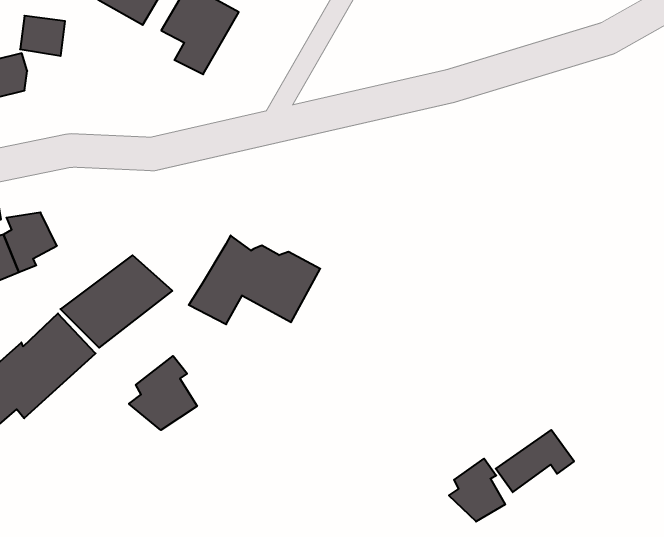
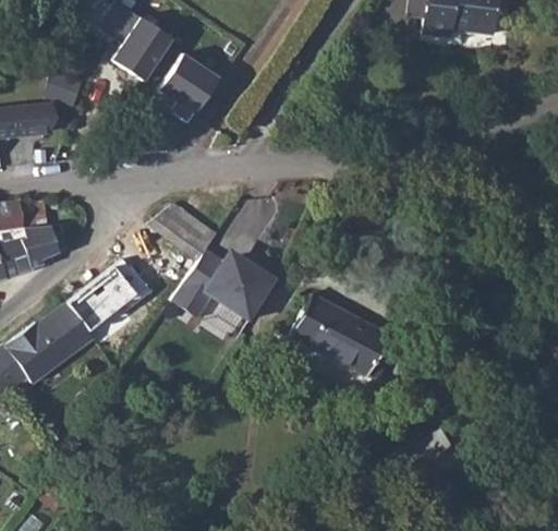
building: none -> [147,204,215,260]
building: none -> [290,293,388,376]
building: [129,356,197,430] -> none
building: [449,459,505,522] -> none

